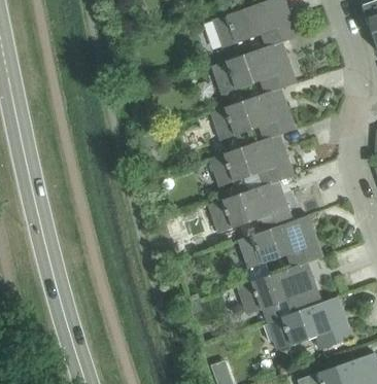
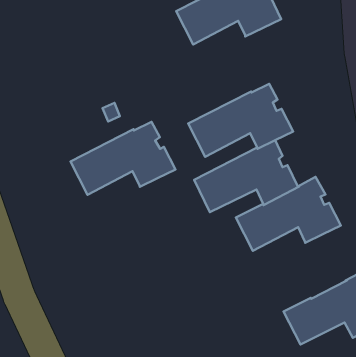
building: [211,89,296,141] -> [71,122,176,195]
building: [238,263,322,321] -> none

